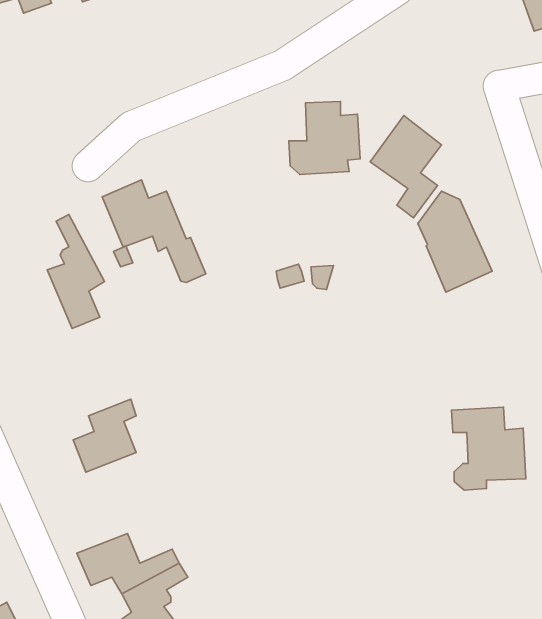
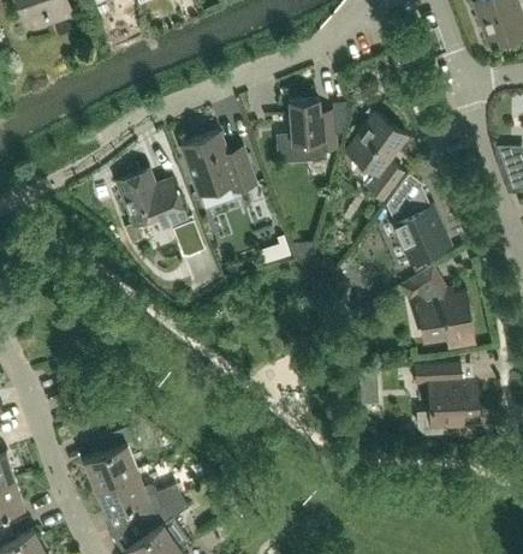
building: none -> [182,132,256,196]
building: [47,214,104,328] -> none
building: none -> [399,267,473,349]
building: [73,399,136,472] -> [83,425,137,488]

